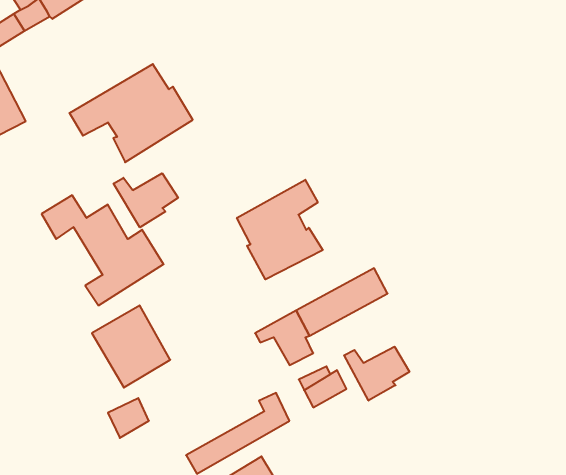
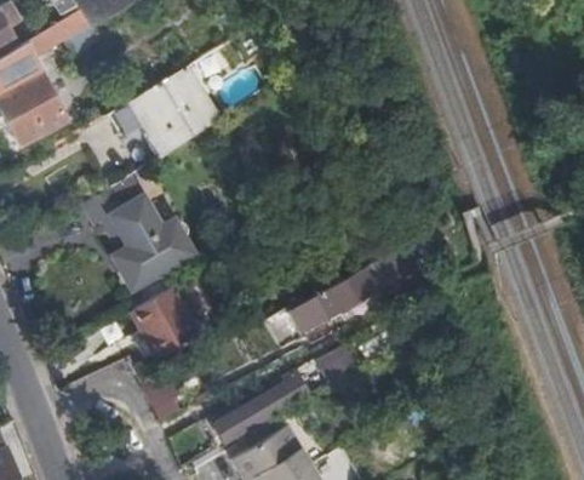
building: [114,173,178,227] -> none
building: [237,180,323,279] -> none
building: [344,347,409,401] -> none

